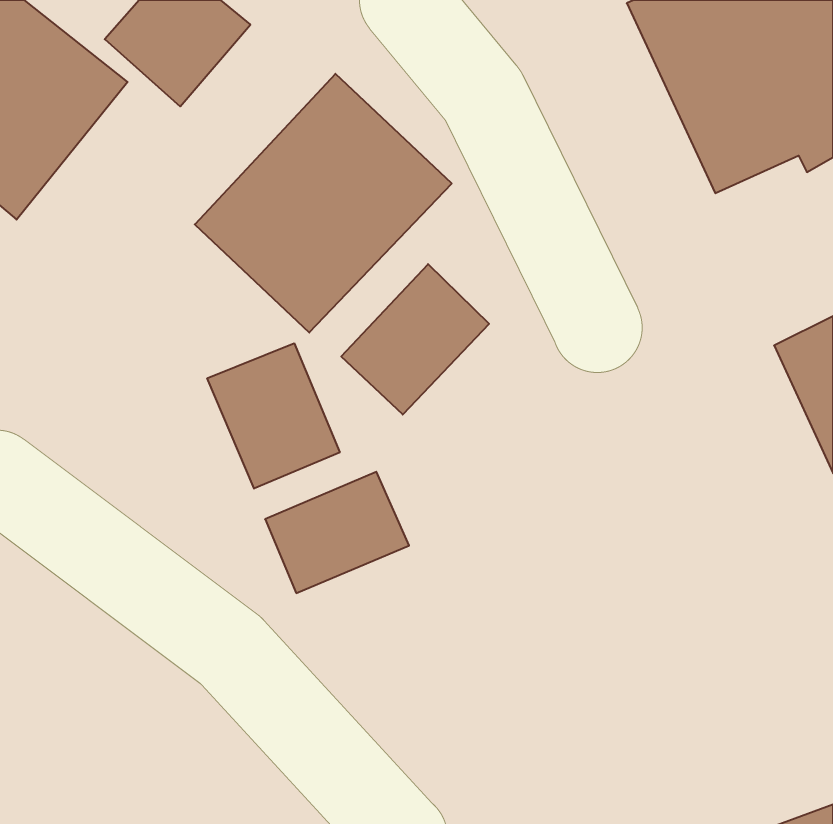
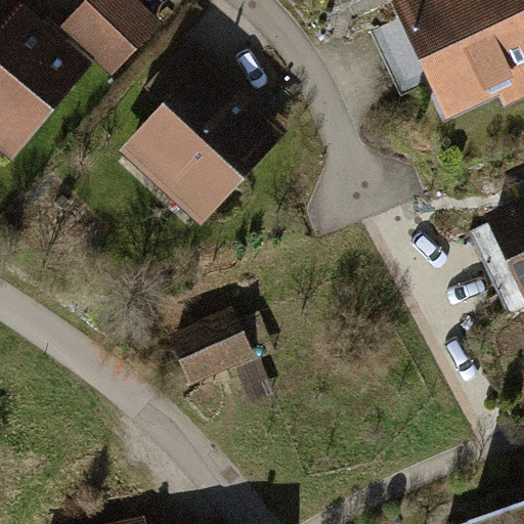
building: [341,264,489,415] -> none
building: [207,343,340,489] -> none

